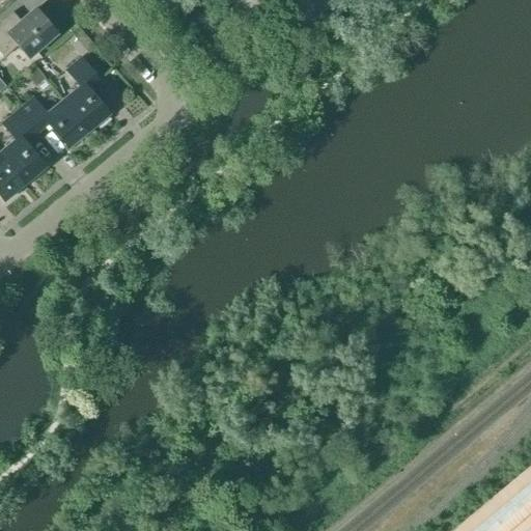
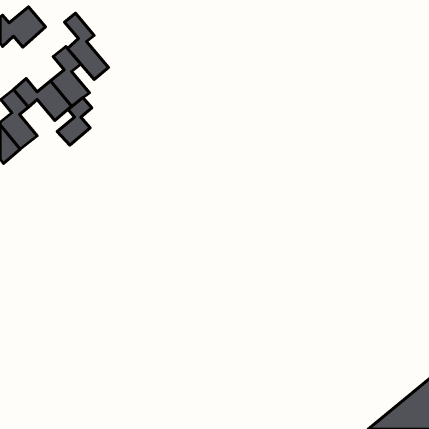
building: none -> [65,13,109,80]
building: none -> [57,98,92,145]

